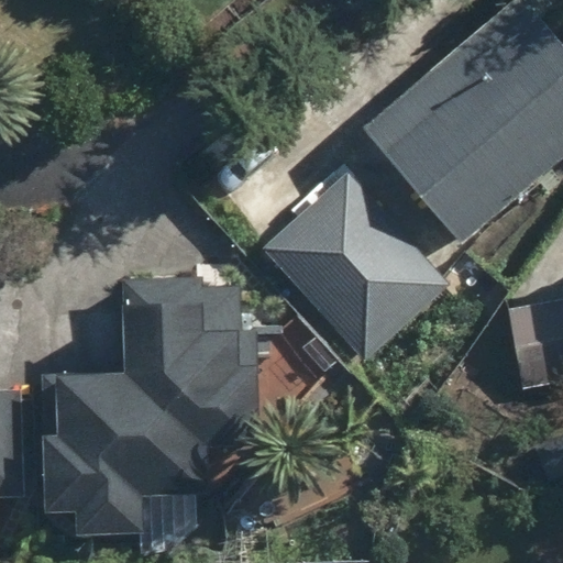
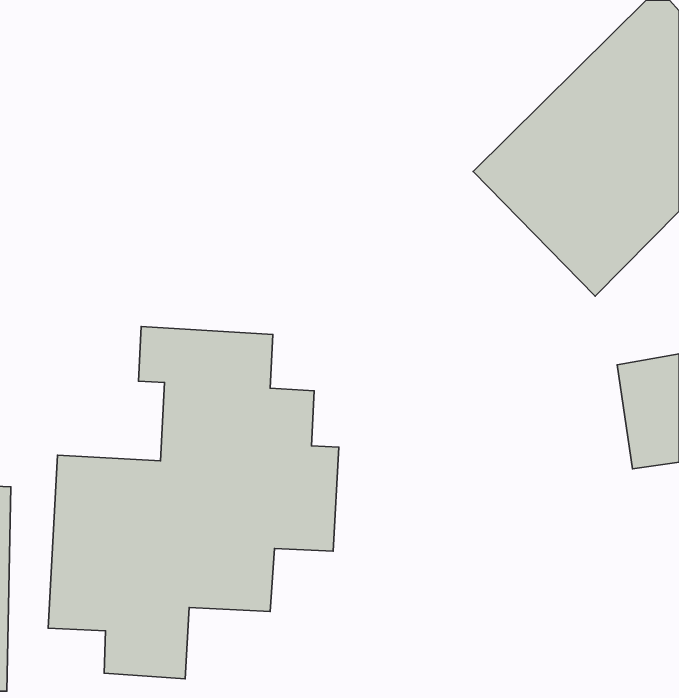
building: [262,159,470,371] -> none

